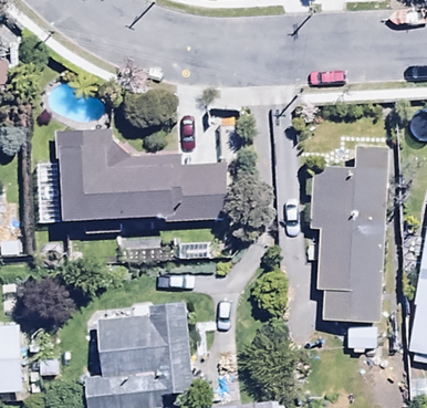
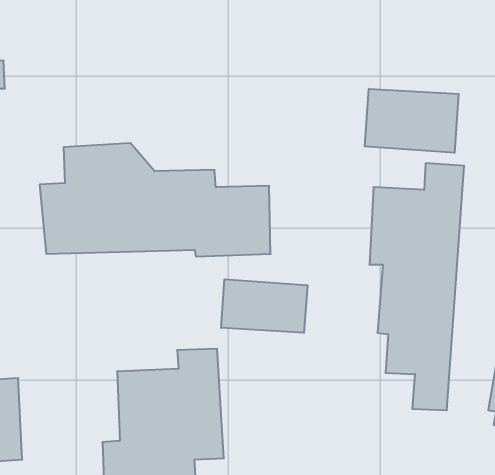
building: none -> [365,89,459,153]
building: none -> [221,279,307,333]

